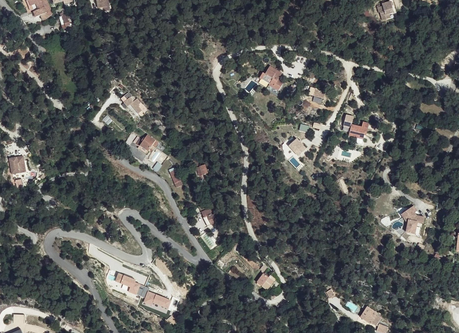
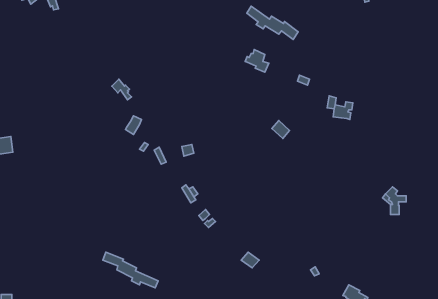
building: none -> [247,6,298,40]

